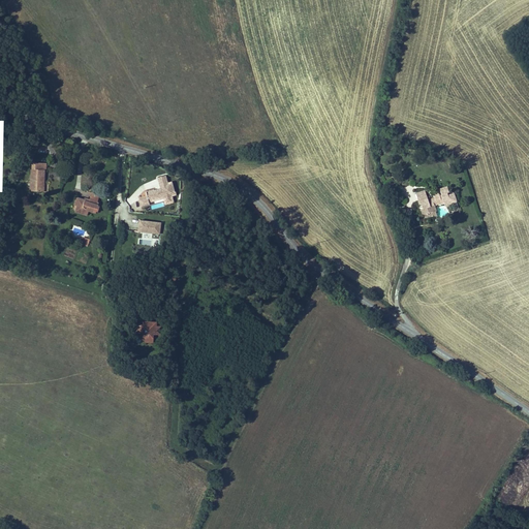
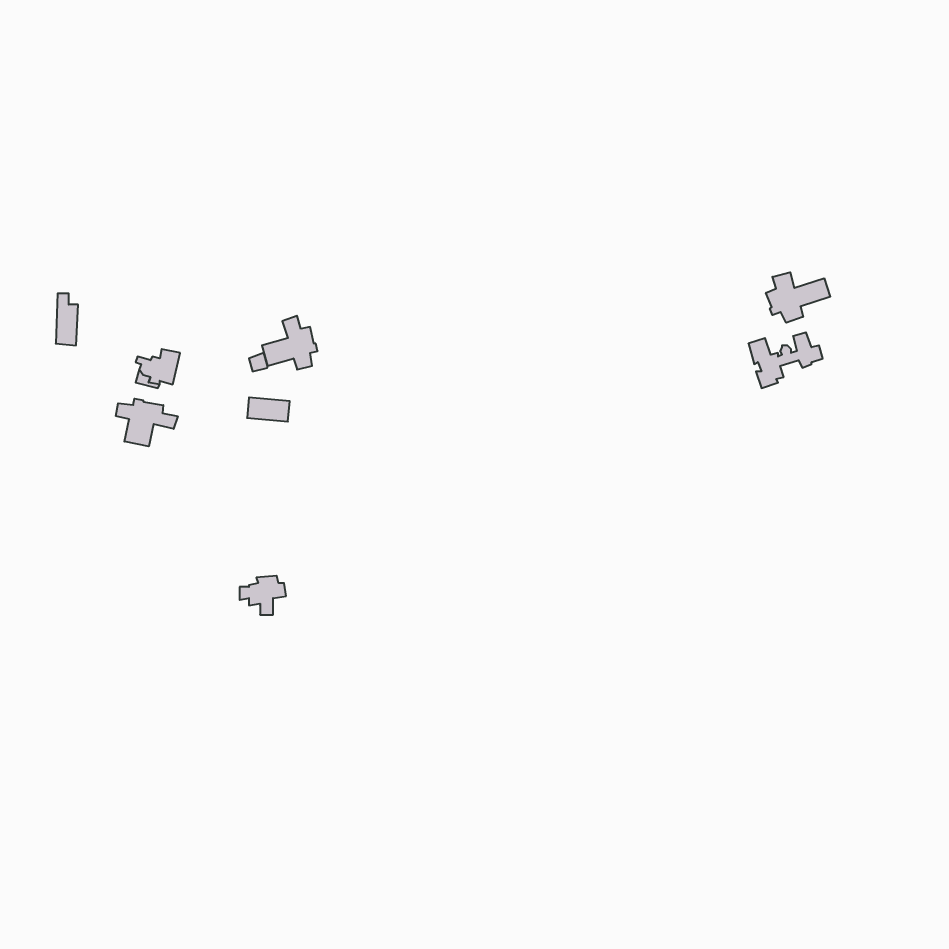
building: none -> [766,272,830,323]
building: none -> [116,399,178,446]

